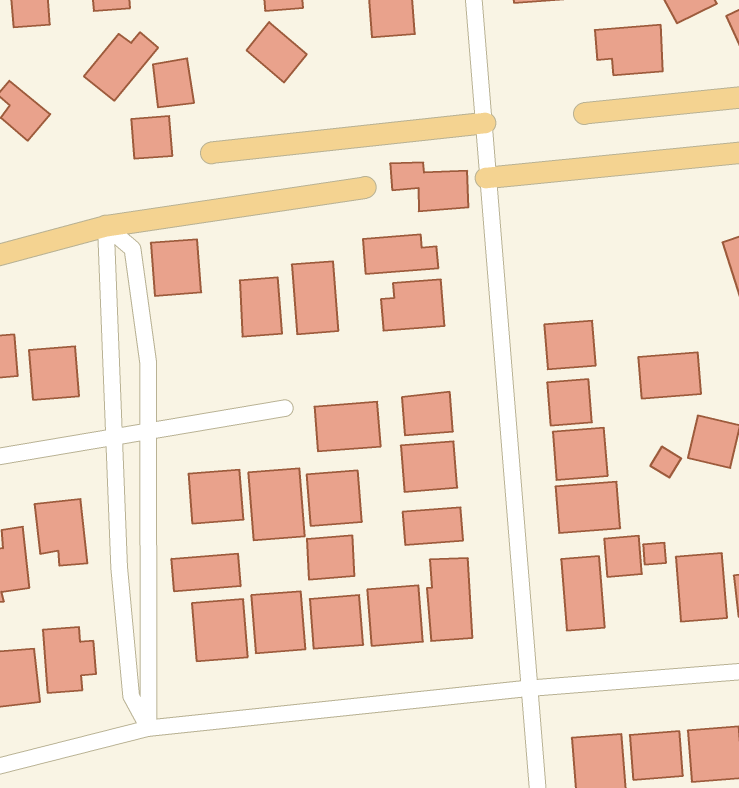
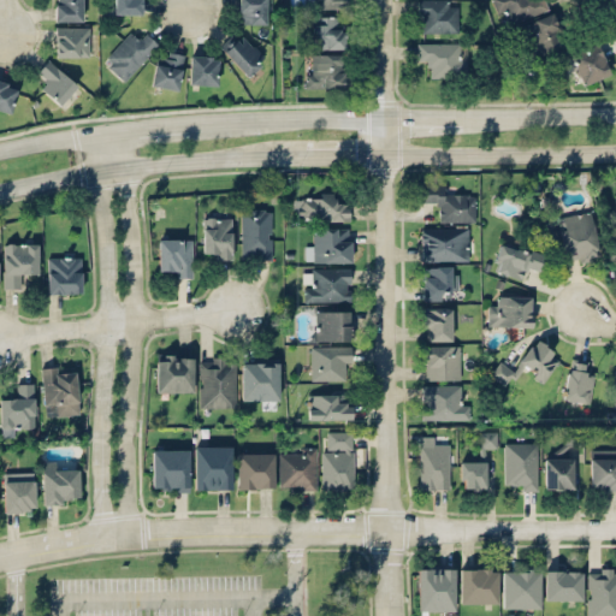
building: [595,25,663,75] -> [420,45,468,78]
building: none -> [57,28,90,58]
building: none -> [308,55,346,89]
building: [131,116,172,159] -> [191,58,219,87]
building: [390,163,468,211] -> [422,186,478,223]
building: [151,239,201,296] -> [160,239,194,278]
building: none -> [422,229,469,261]
building: none -> [494,243,547,282]
building: [314,402,381,451] -> [306,270,351,302]
building: [307,535,354,580] -> none
building: [604,536,642,577] -> [462,463,487,491]
building: [172,554,240,591] -> none

